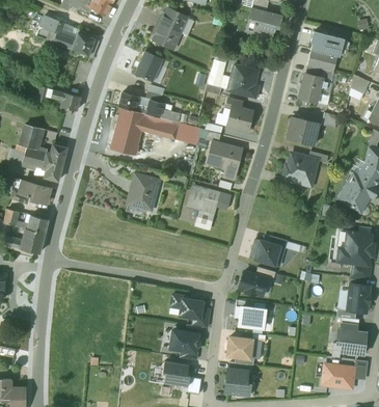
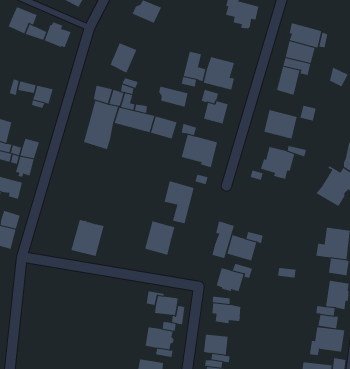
building: [154,23,180,48] -> none
building: none -> [158,86,188,107]
building: [127,173,160,210] -> [71,219,105,257]
building: none -> [145,220,175,256]
building: none -> [212,221,234,259]

